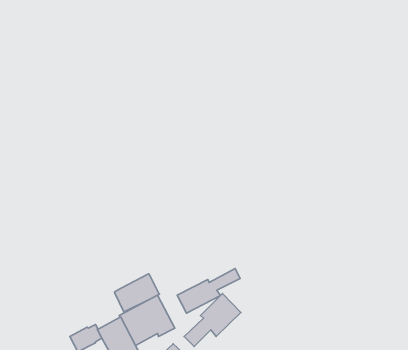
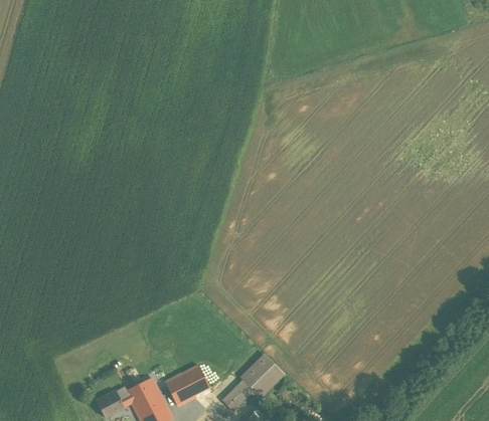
building: [177,269,240,313] -> none
building: [115,274,160,313] -> none

